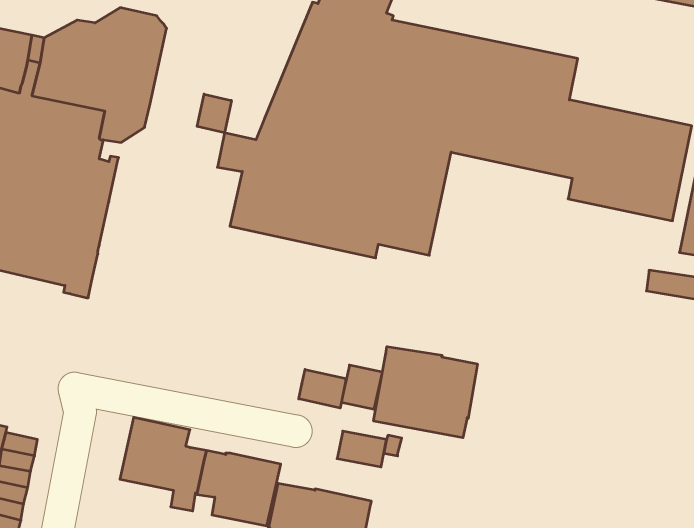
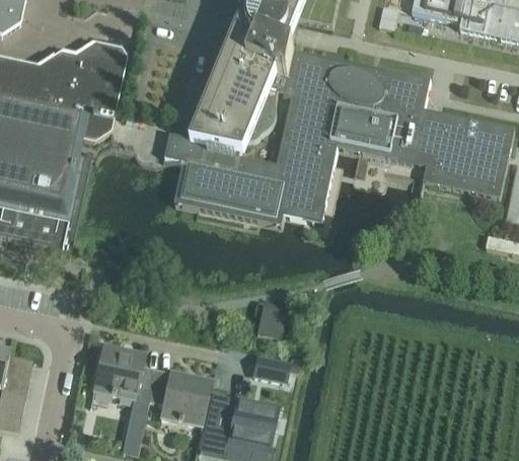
building: [197,94,231,133] -> none
building: [374,347,477,438] -> none
building: [299,369,346,408] -> none

